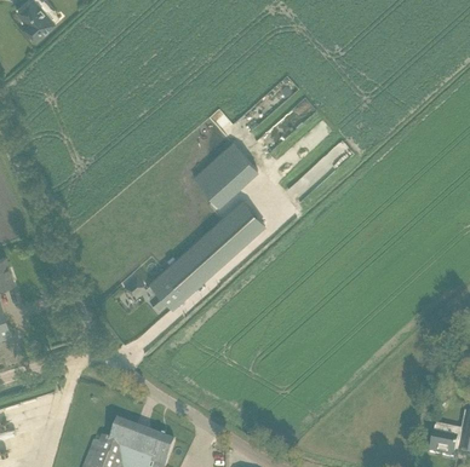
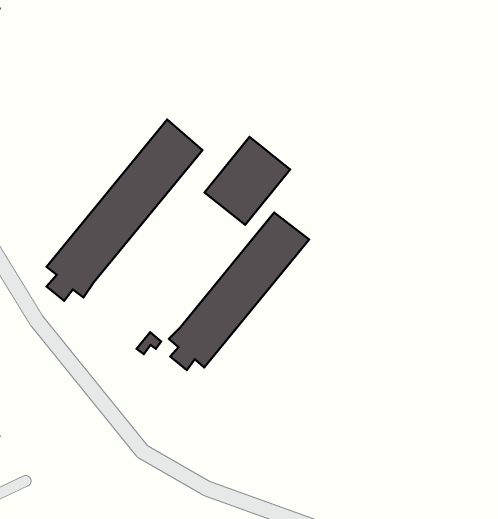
building: none -> [46,120,202,301]

